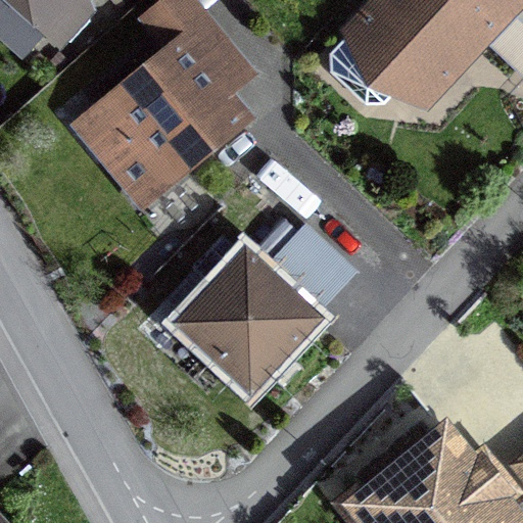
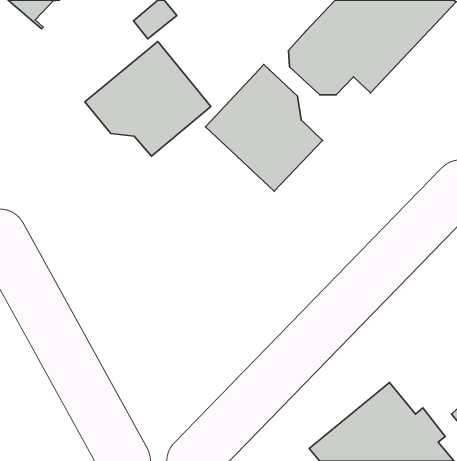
building: none -> [205,65,322,191]
building: [184,240,338,389] -> none

